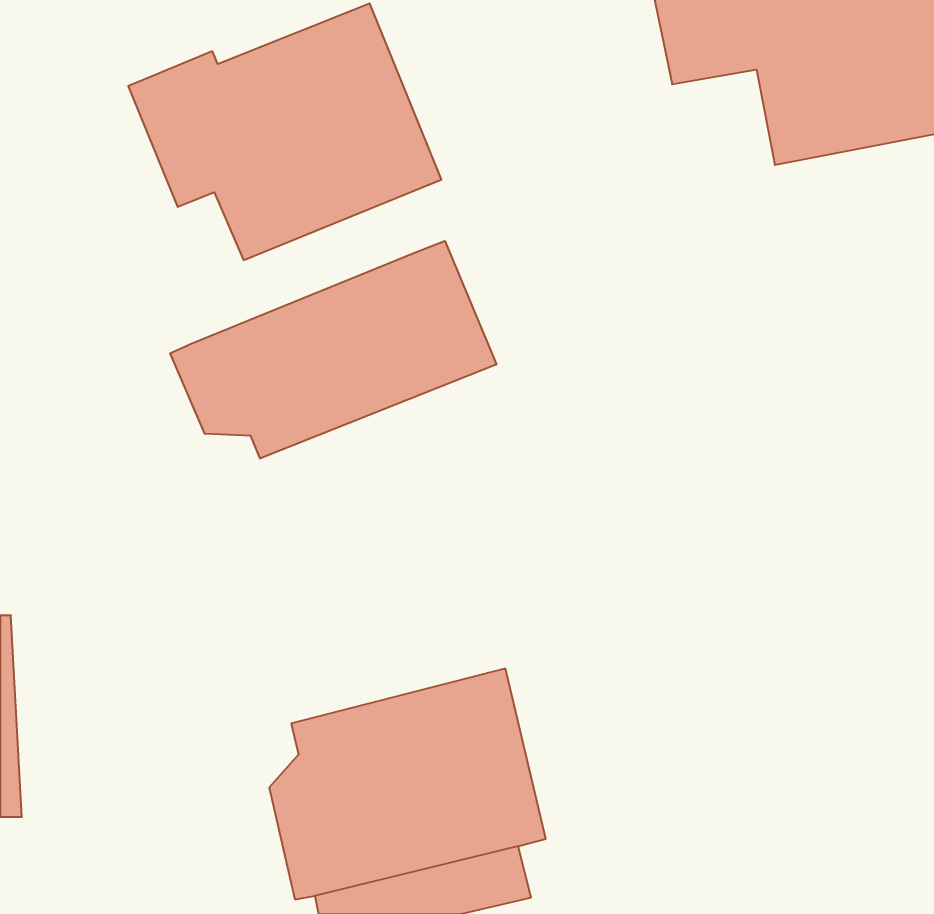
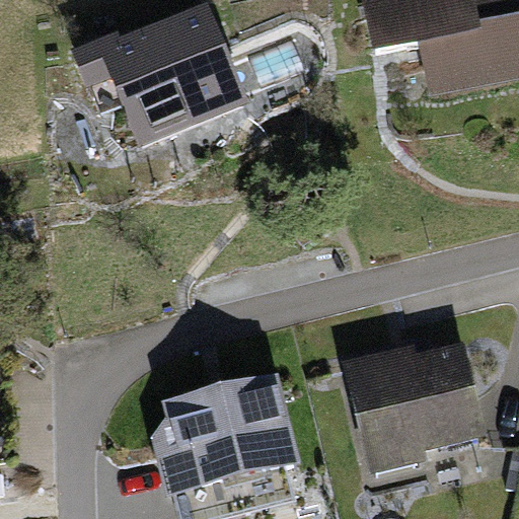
building: [170,241,496,459] -> none
building: none -> [341,341,487,474]

